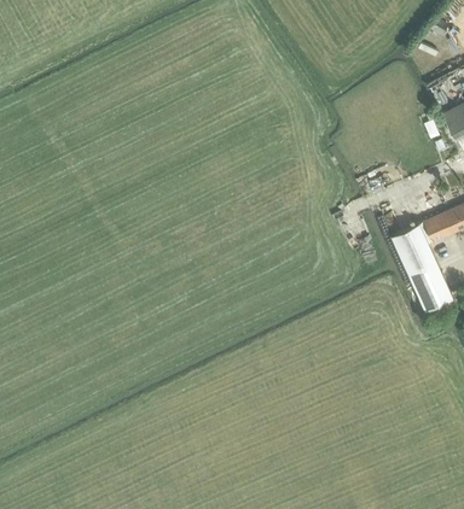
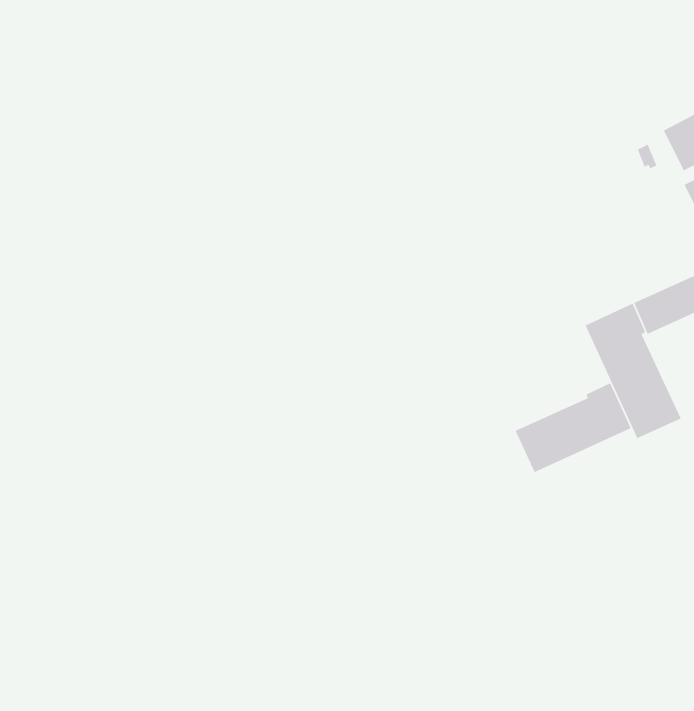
building: none -> [515,382,632,473]

